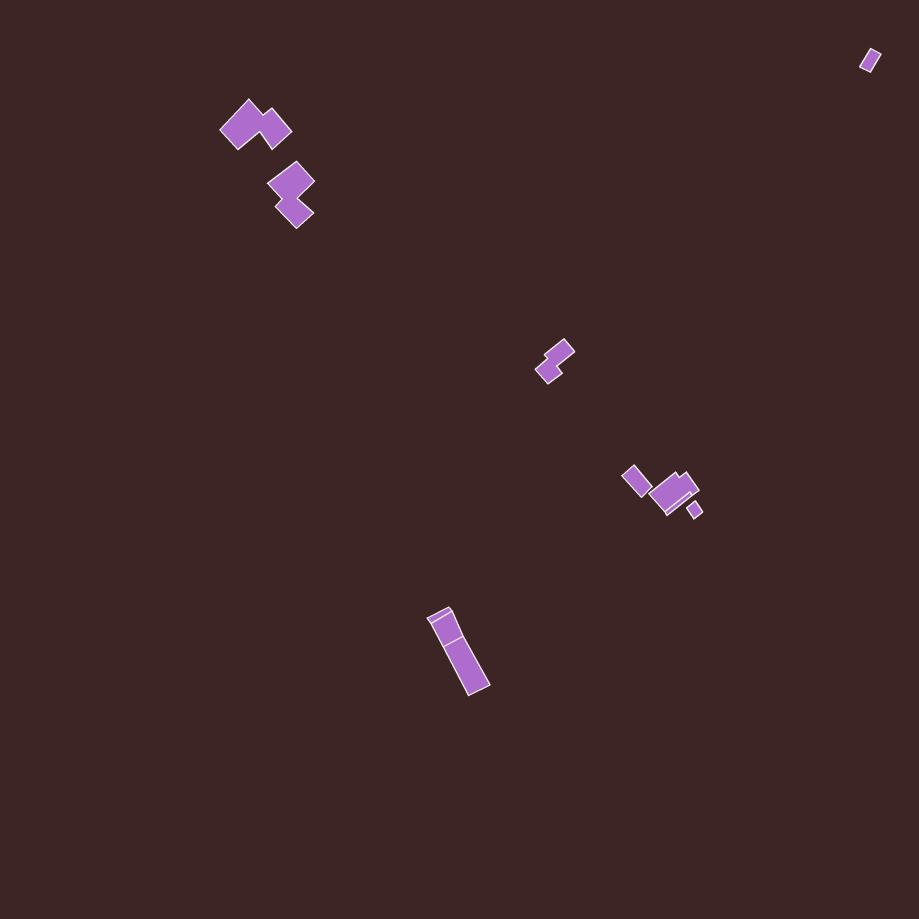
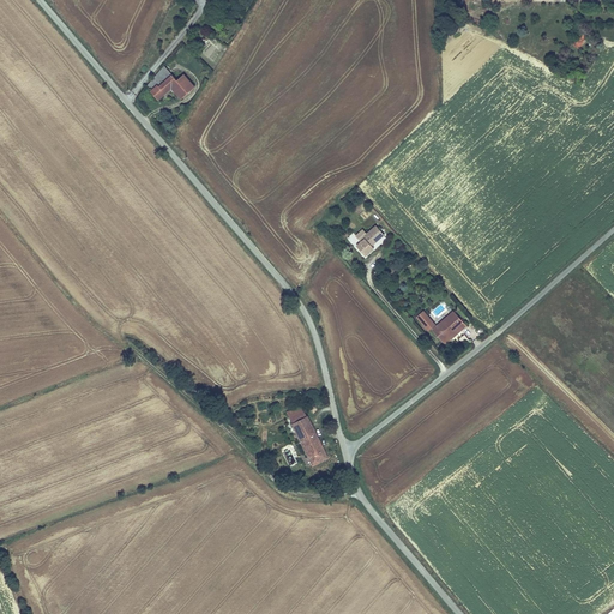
building: [267,161,315,228] -> none

